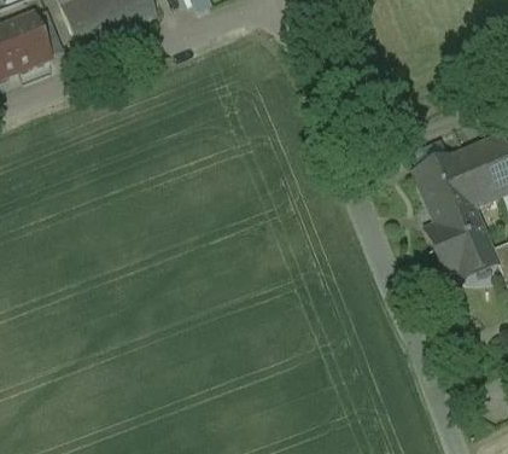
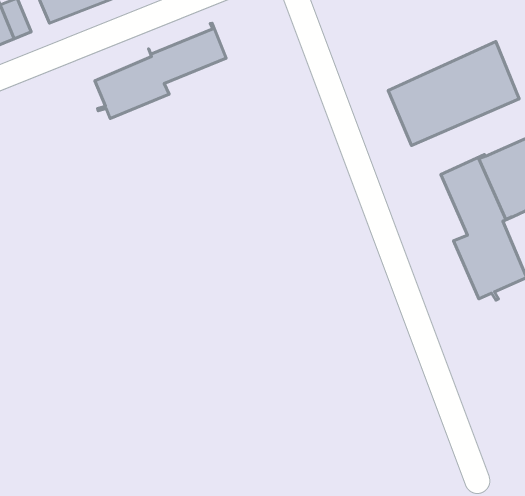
building: none -> [95,23,226,119]
building: none -> [388,41,519,146]

